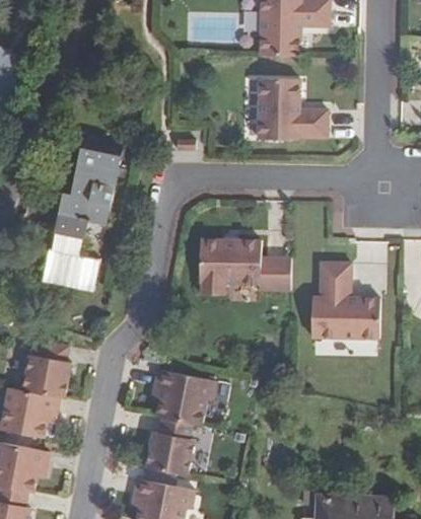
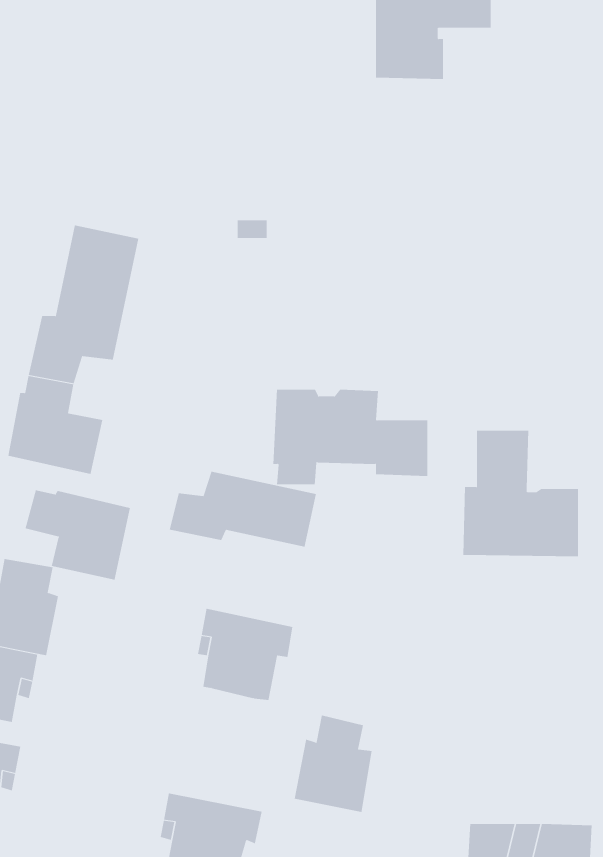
building: [259,72,335,140] -> none
building: none -> [169,471,316,548]
building: none -> [25,489,130,580]
building: [146,418,193,475] -> [294,715,372,812]

